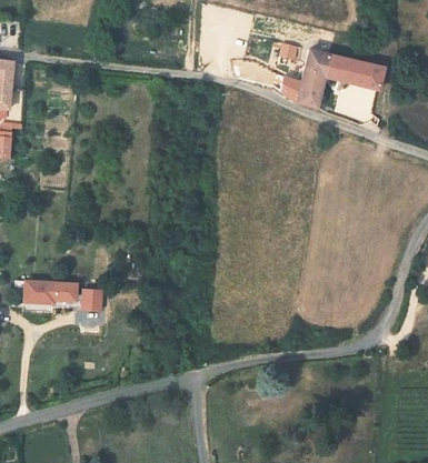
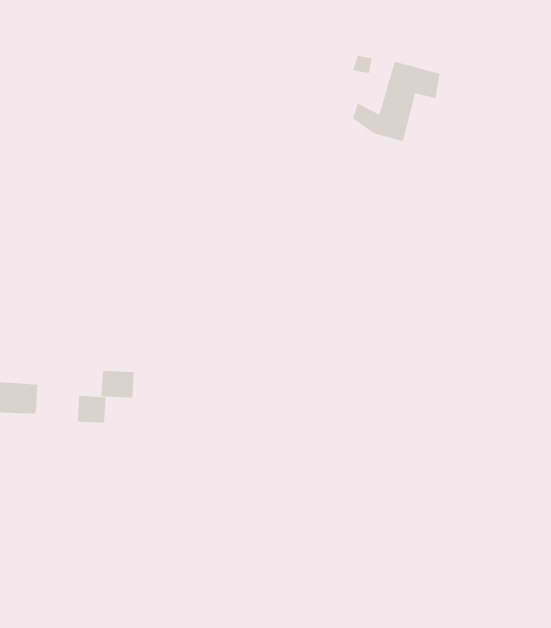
building: [341,58,385,90] -> none
building: [54,281,79,301] -> [101,370,135,398]

